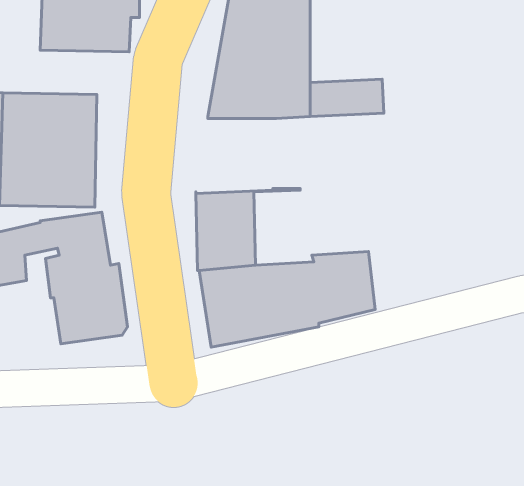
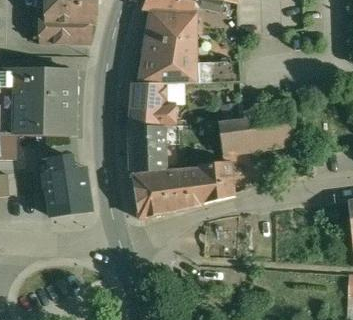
building: none -> [130,82,175,127]
building: none -> [218,103,295,153]

